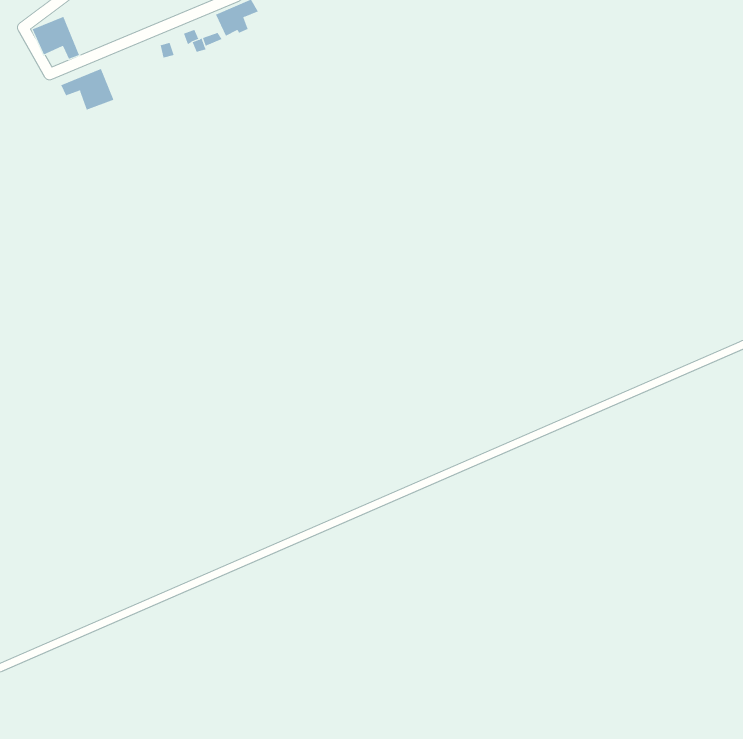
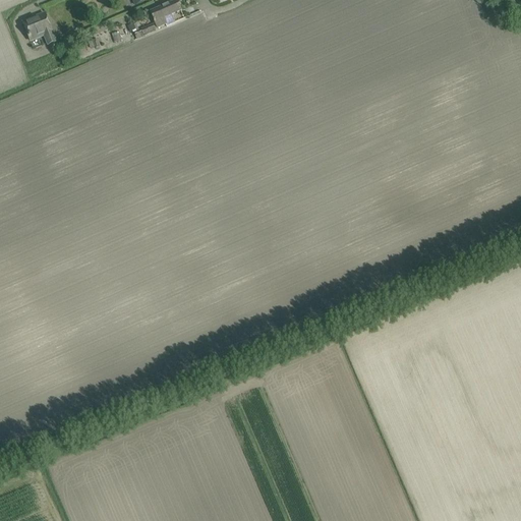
building: [61,68,114,111] -> none

